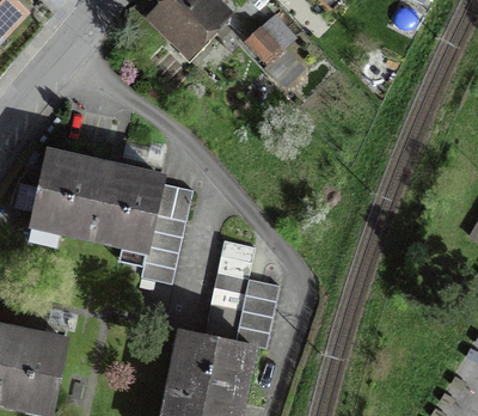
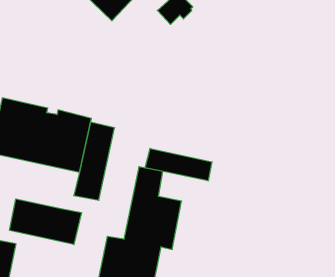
building: none -> [145,148,212,181]
building: none -> [10,199,82,245]

